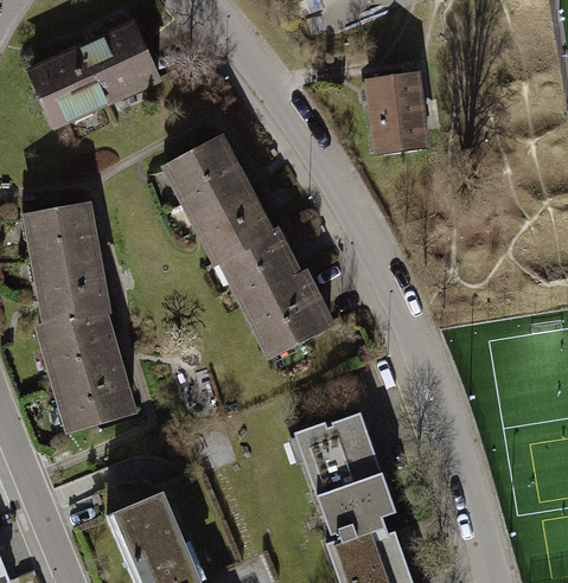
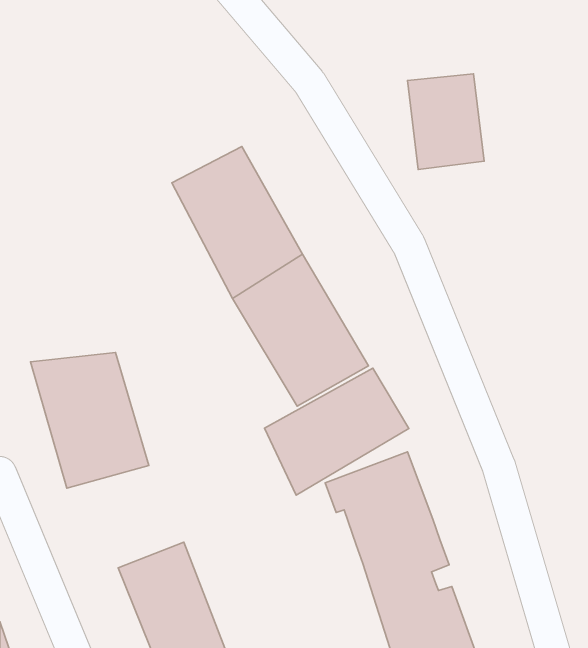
building: [24,18,162,132] -> none
building: [17,204,108,325] -> none
building: none -> [264,368,409,495]

